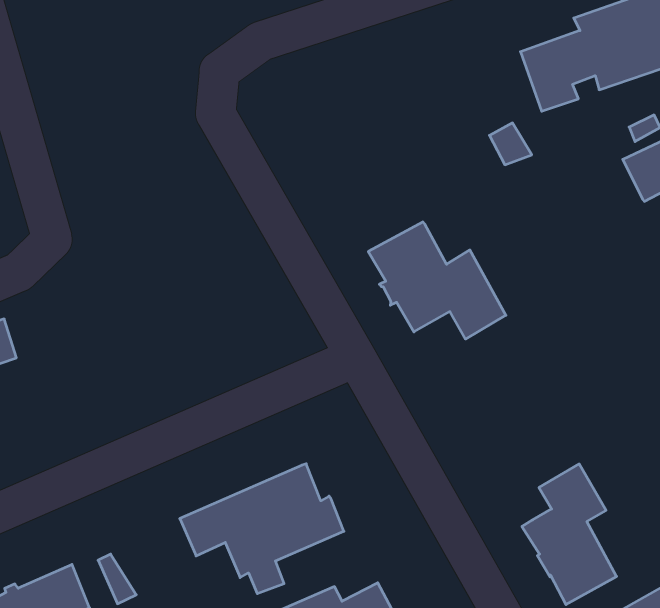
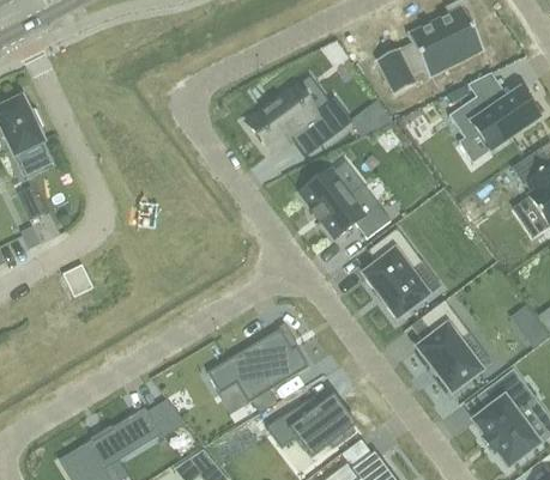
building: none -> [248,85,352,156]
building: none -> [364,227,428,317]

